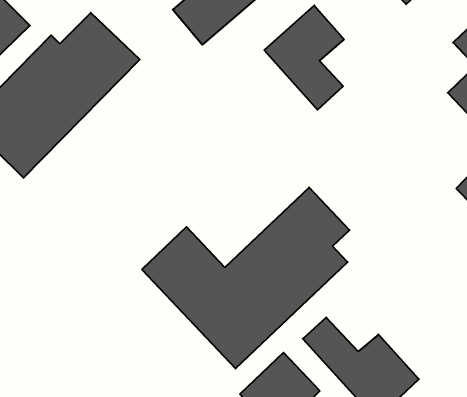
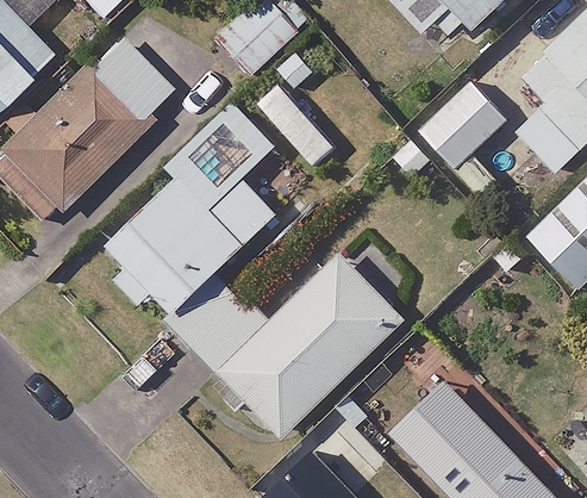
building: [264,5,344,110] -> [421,79,511,195]
building: none -> [107,148,277,317]

